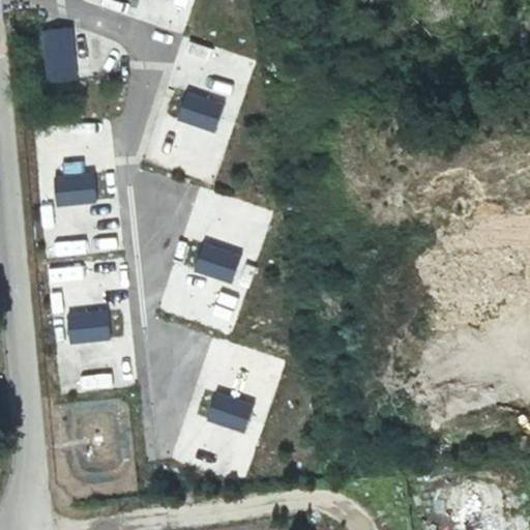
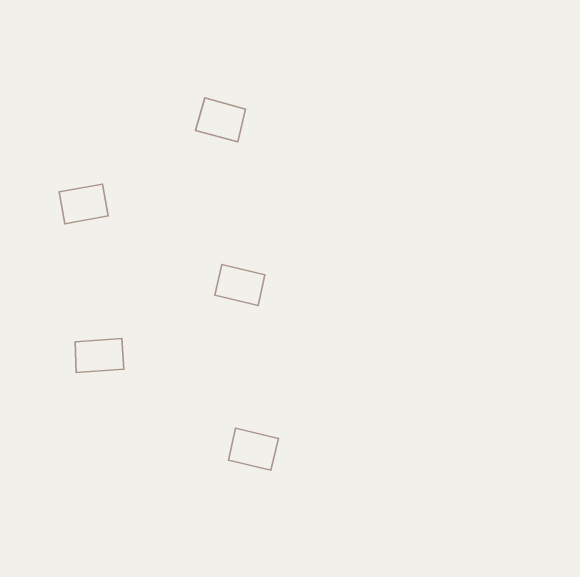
building: [45,29,75,82] -> none

